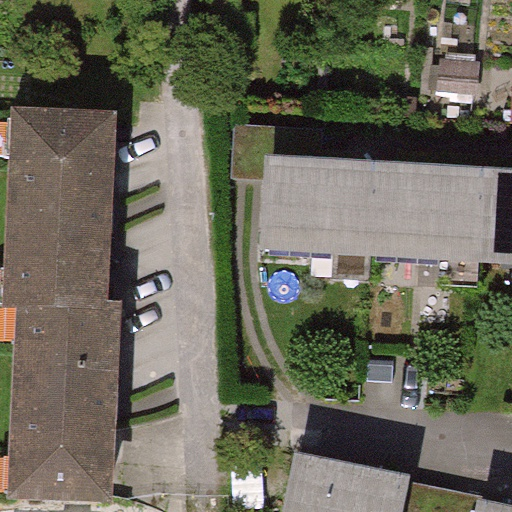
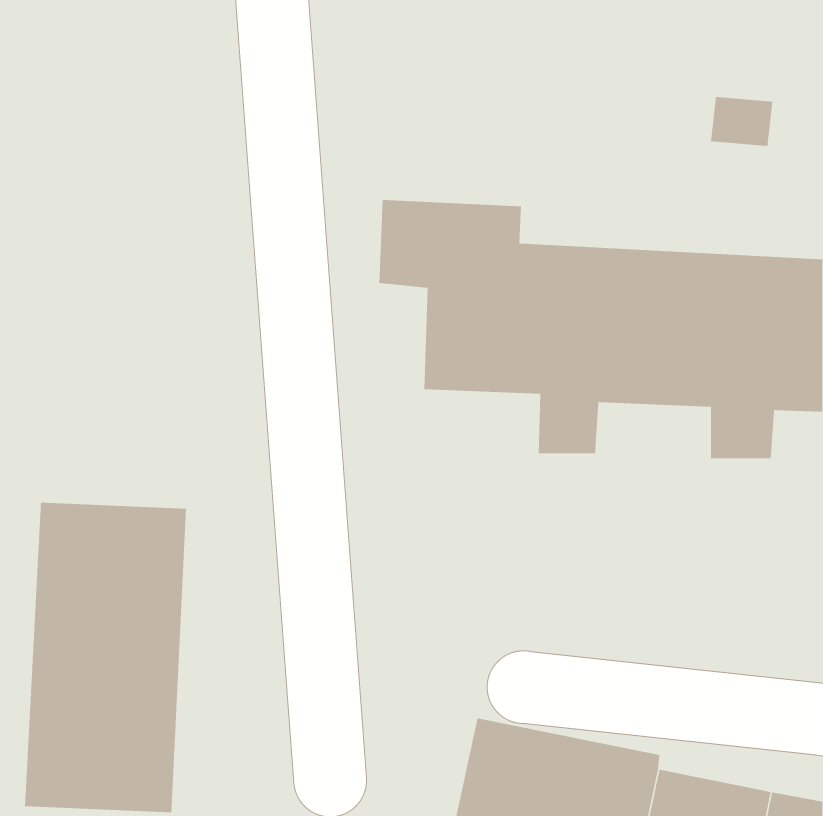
building: [8,126,109,319] -> none

